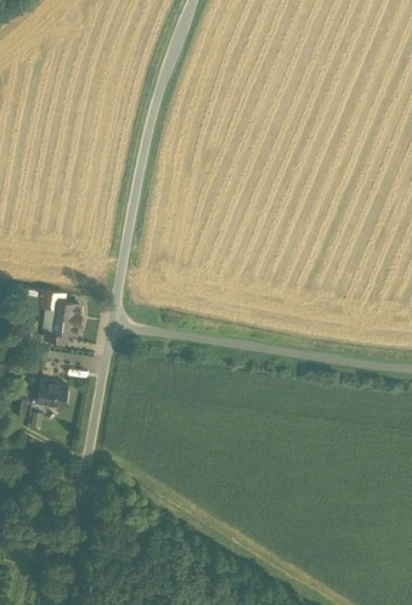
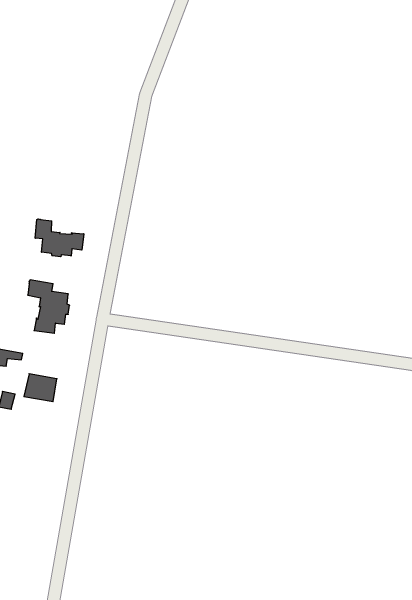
building: none -> [35,219,84,257]

